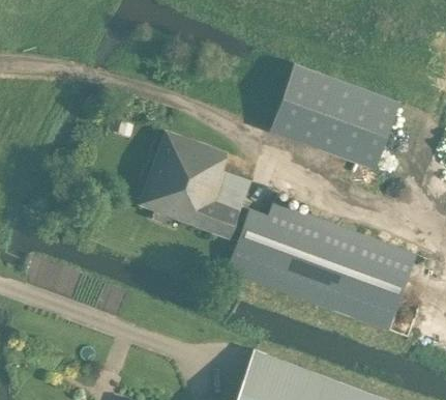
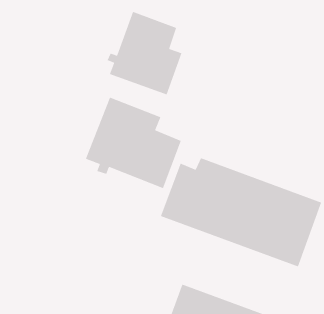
building: none -> [107,11,182,95]
building: [269,70,399,174] -> none

